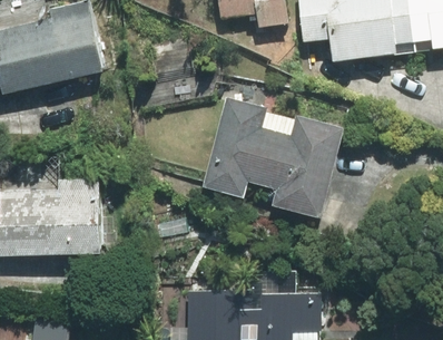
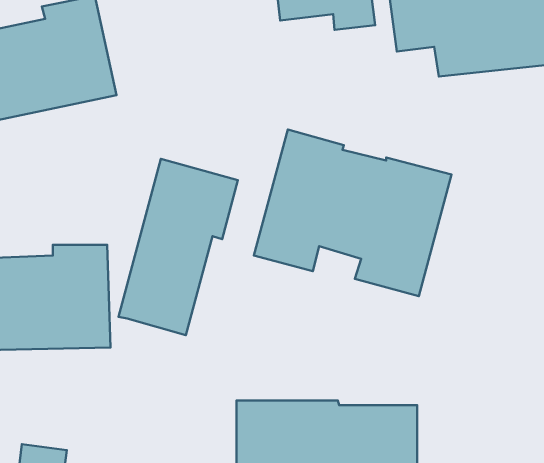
building: none -> [119,159,238,335]

